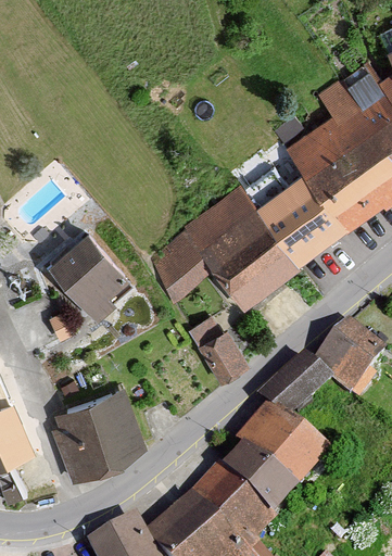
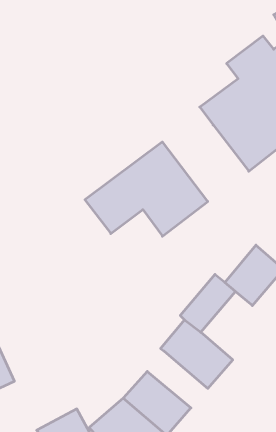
building: [237,162,342,266] -> none
building: [49,235,129,316] -> none
building: [192,321,250,387] -> none
building: [55,390,144,477] -> none
building: [218,448,292,518] -> none

